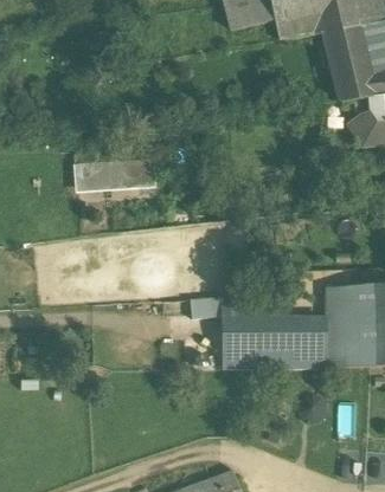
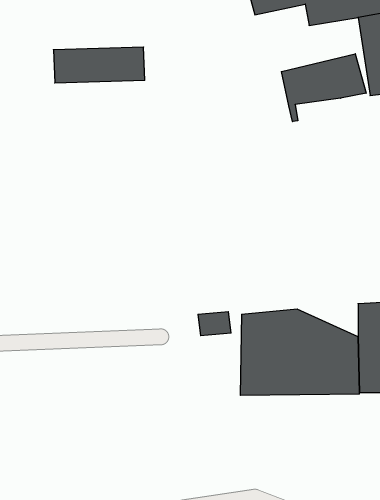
building: none -> [281,54,366,122]
building: [68,157,149,189] -> [53,47,145,83]

